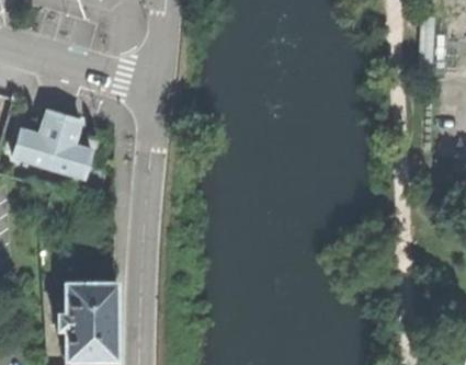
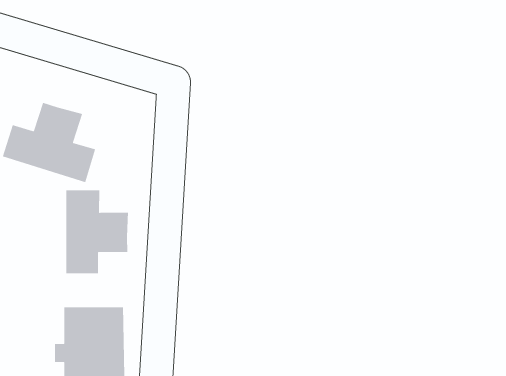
building: none -> [66,190,129,274]

